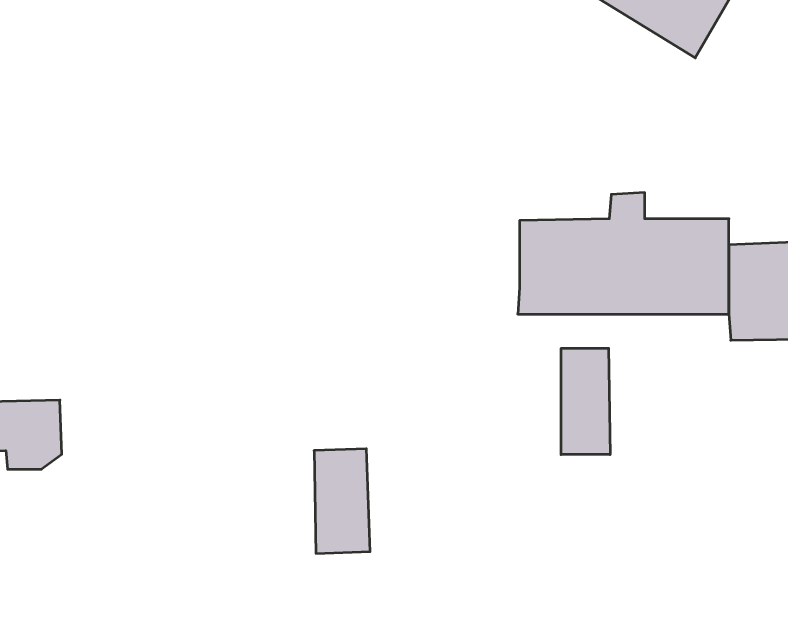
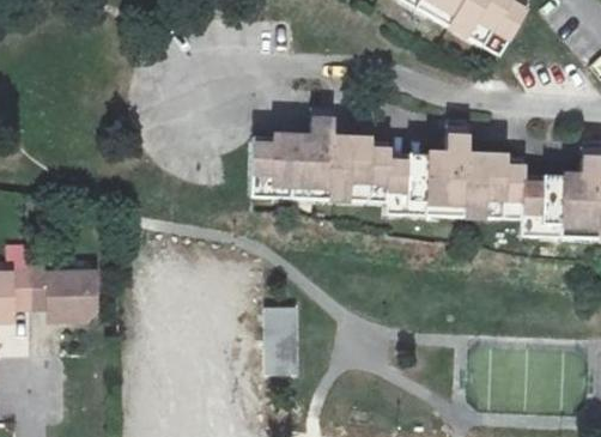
building: none -> [255,121,390,200]
building: [561,348,610,455] -> none

